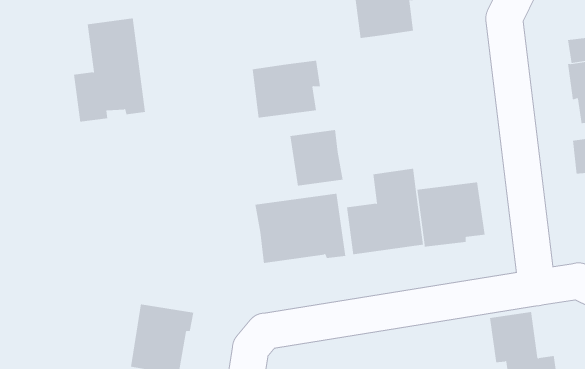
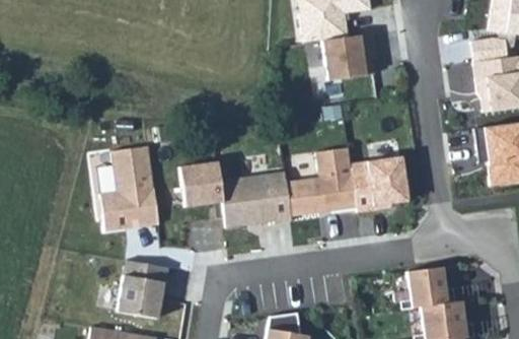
building: [73,18,146,122] -> [100,146,159,230]
building: [252,60,321,118] -> [320,37,376,83]
building: [290,129,343,186] -> [179,161,223,207]

